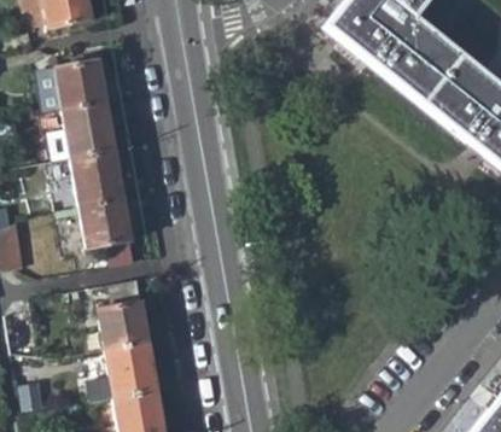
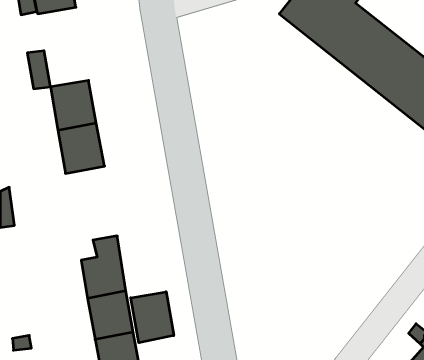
building: [57,63,109,113] -> none
building: [82,204,134,251] -> none
building: none -> [131,292,174,343]

